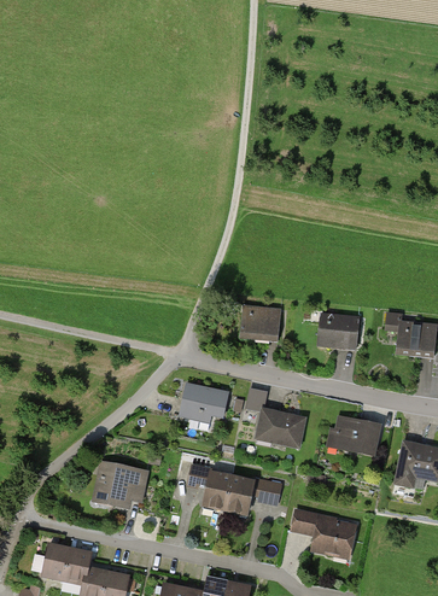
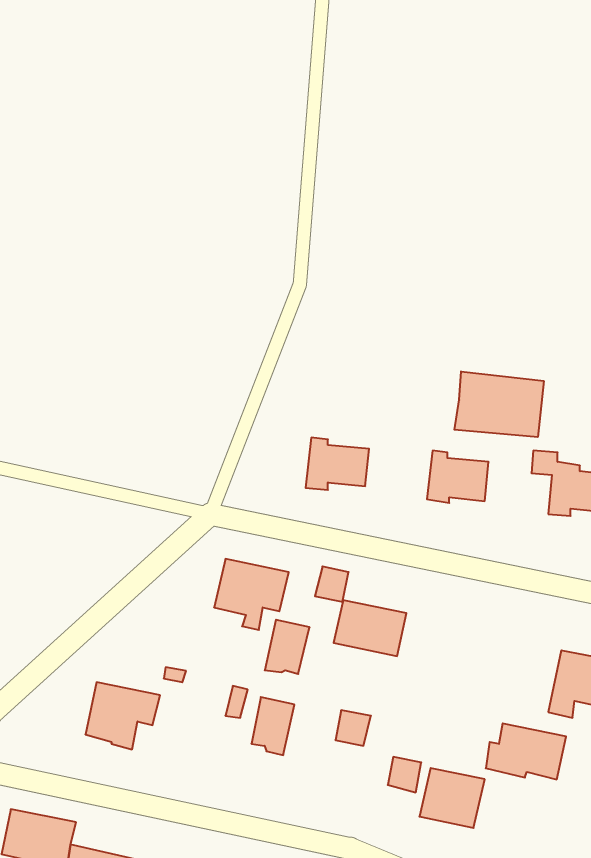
building: none -> [454,371,544,437]
building: [328,416,380,452] -> [486,723,566,779]
building: [224,478,253,513] -> [265,620,310,674]

